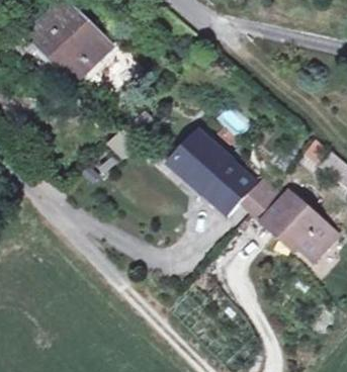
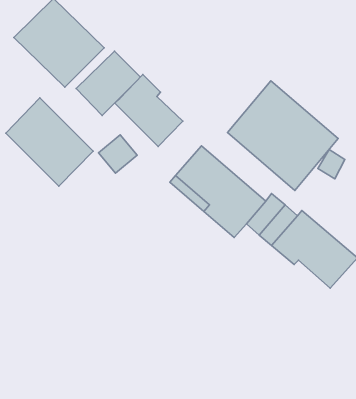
building: none -> [115,74,183,146]
building: none -> [227,81,338,190]
building: none -> [6,98,93,186]

